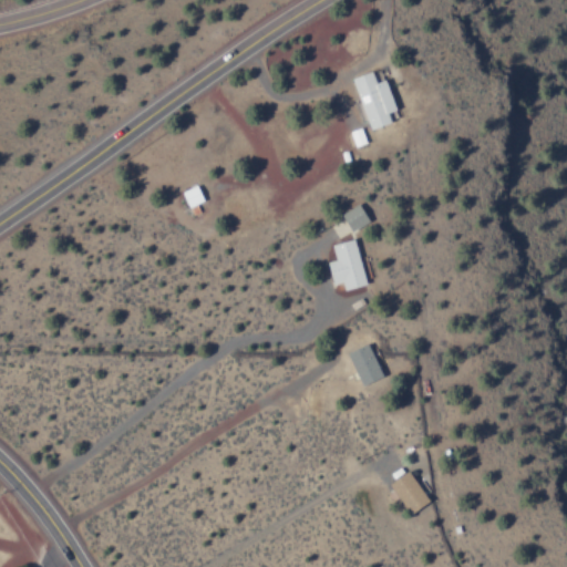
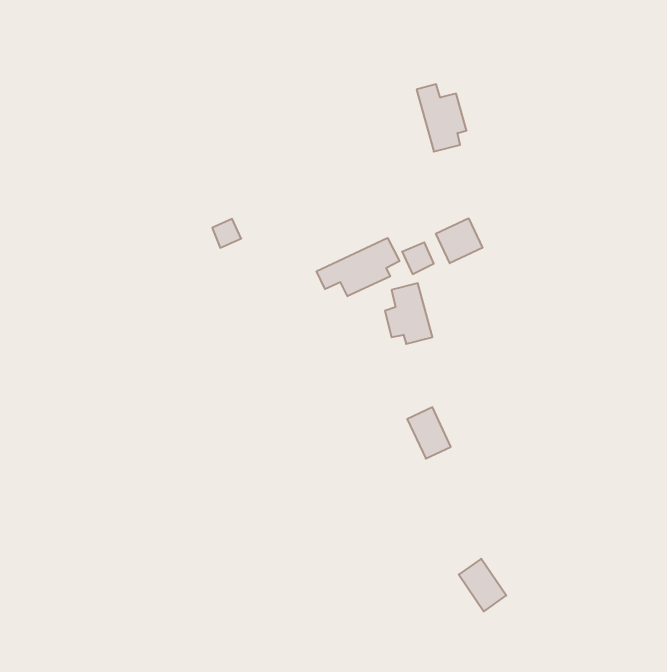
building: none -> [436,218,482,263]
building: none -> [317,238,399,296]

